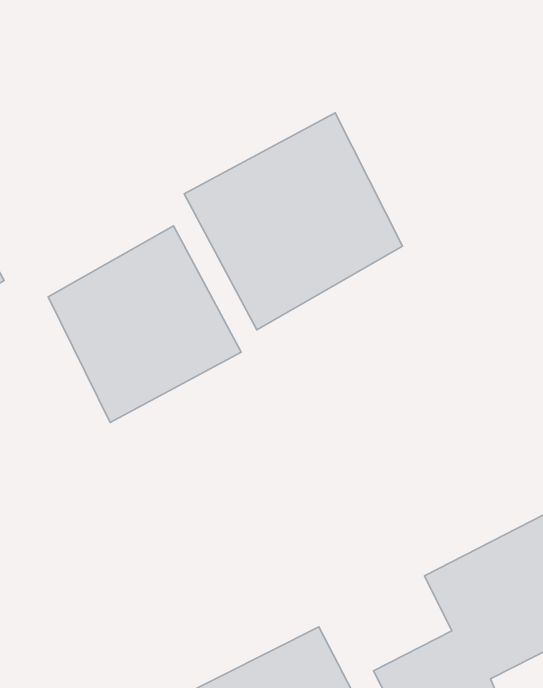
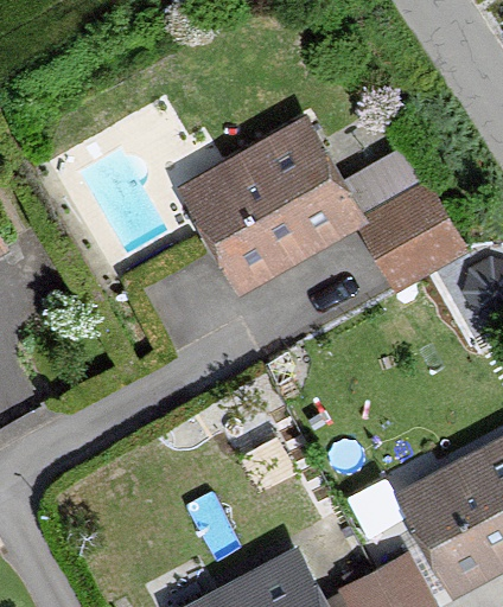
building: none -> [367,187,467,286]
building: [48,226,241,423] -> none

